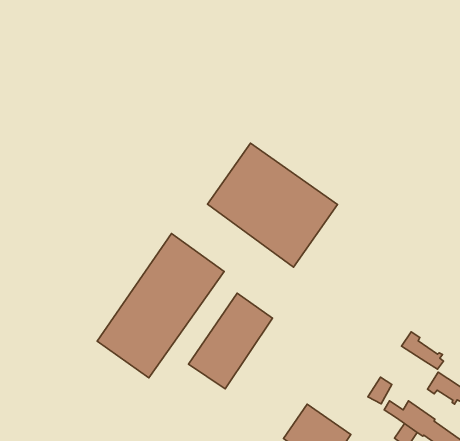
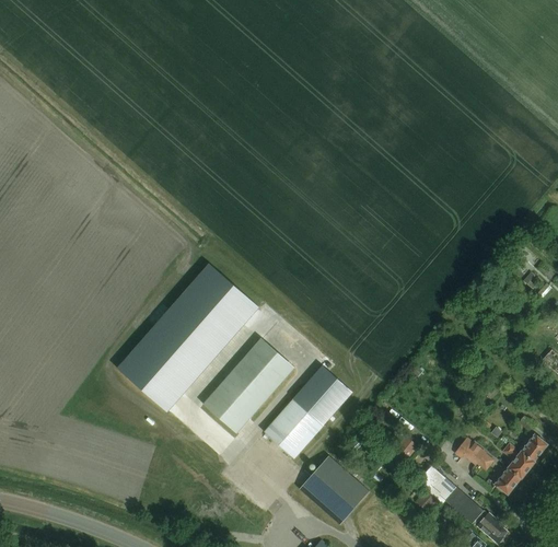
building: [208,143,338,267] -> none
building: none -> [263,365,350,458]
building: [402,332,443,369] -> none

